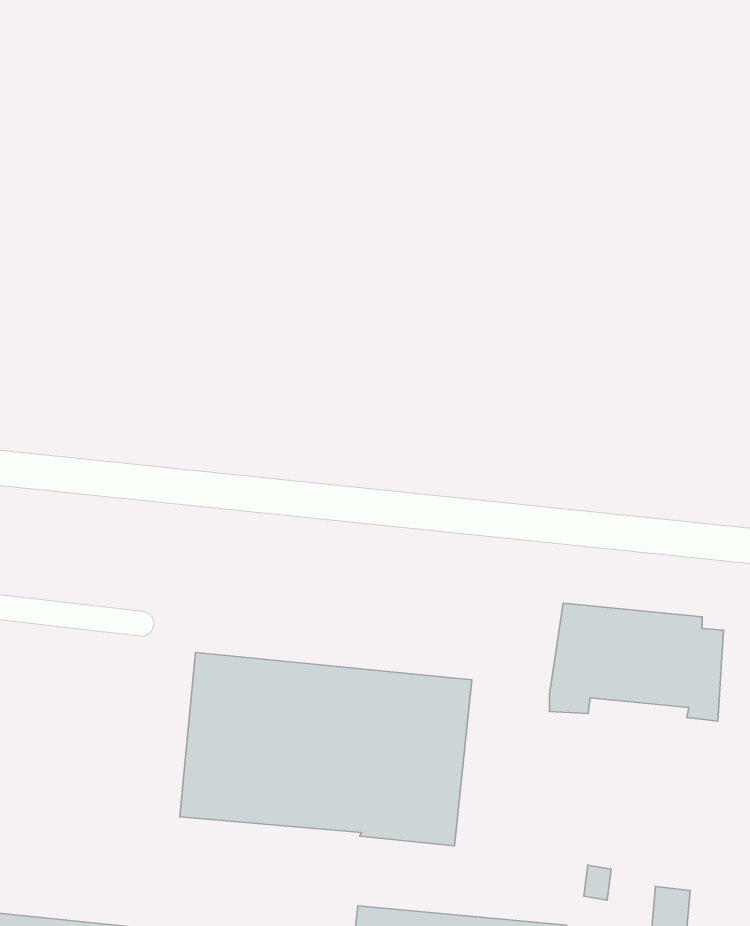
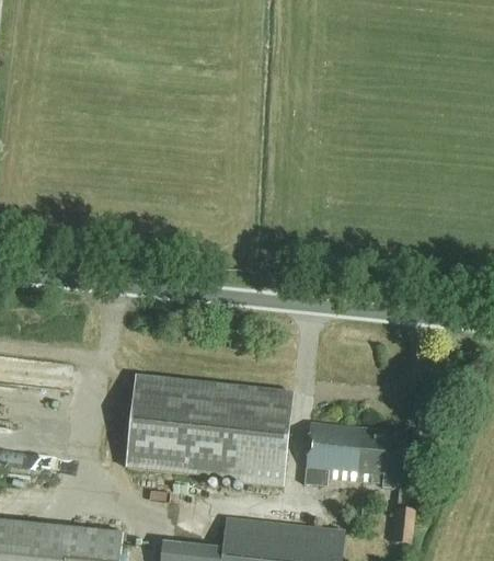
building: [550,603,724,721] -> [305,423,403,490]

